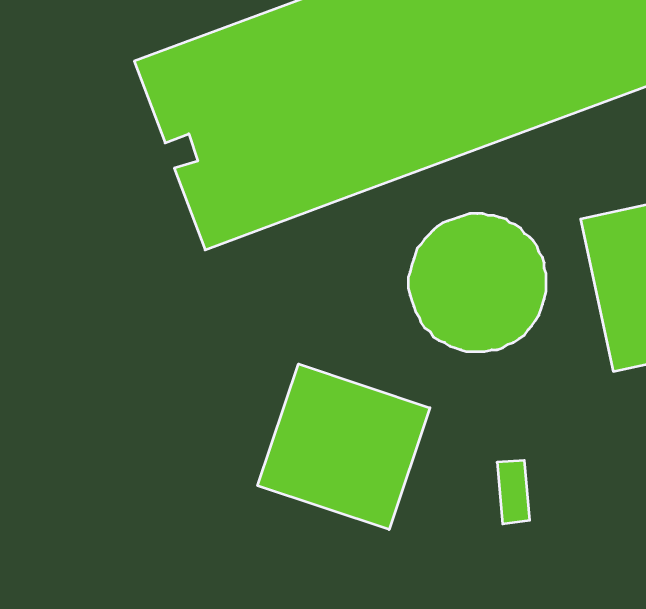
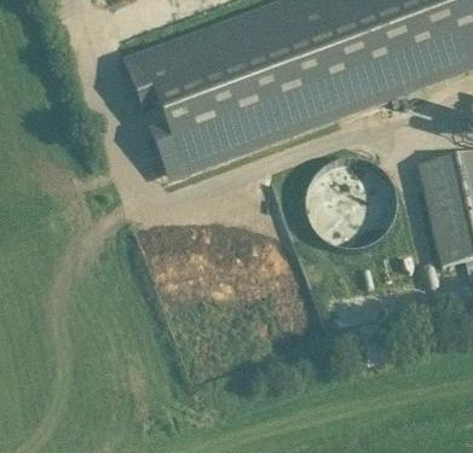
building: [258,364,430,530] -> none

